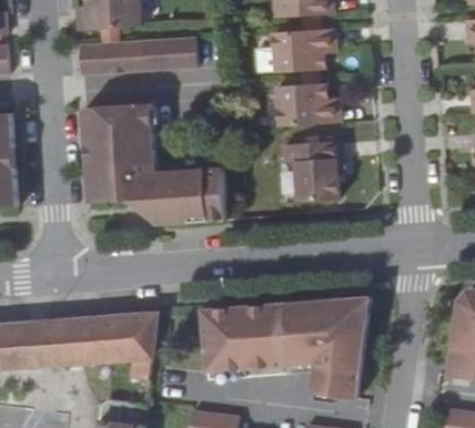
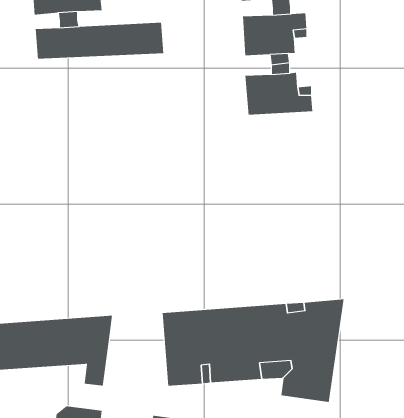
building: [80,93,224,221] -> none
building: [281,136,344,197] -> none

